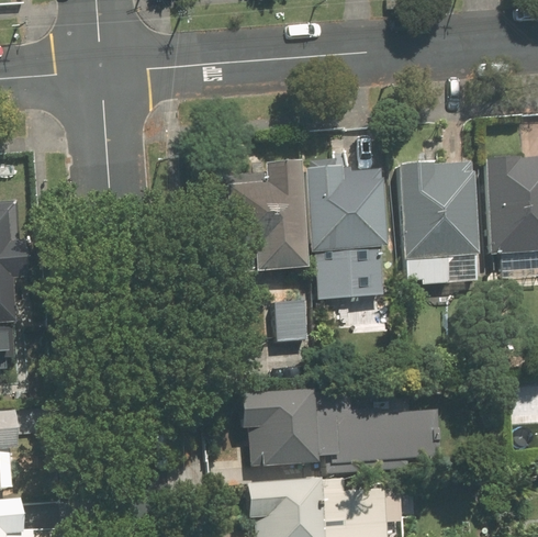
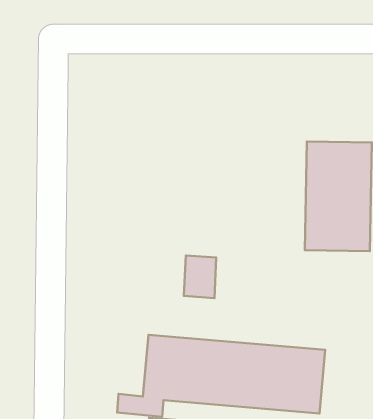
building: [222,160,302,275] -> none
building: [304,160,382,299] -> none

